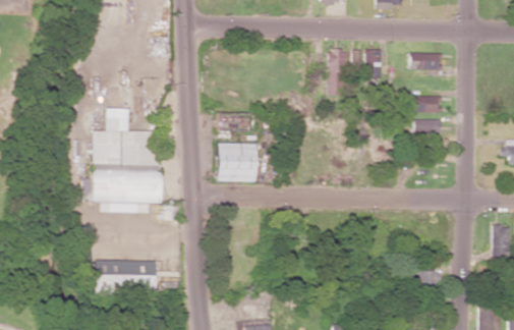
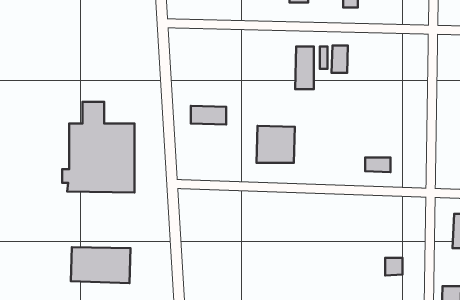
building: [410,53,440,69] -> none
building: [410,96,442,112] -> none
building: [415,119,442,134] -> [365,158,391,172]
building: [217,143,256,181] -> [257,126,295,163]

